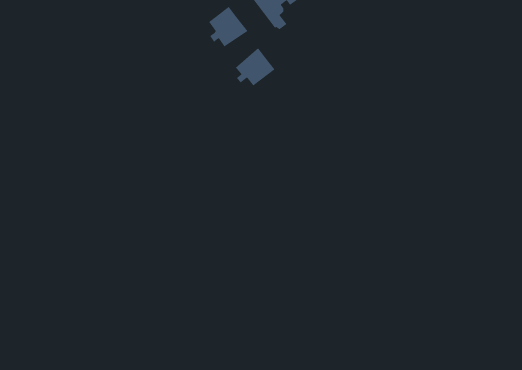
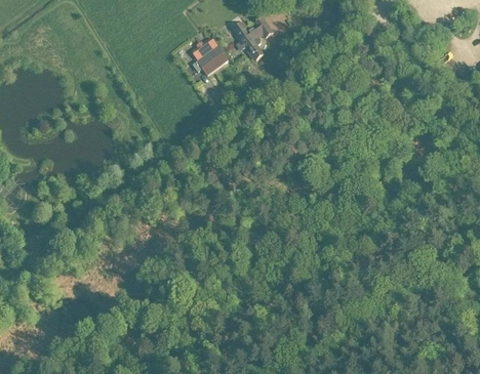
building: [235,47,275,87] -> none

